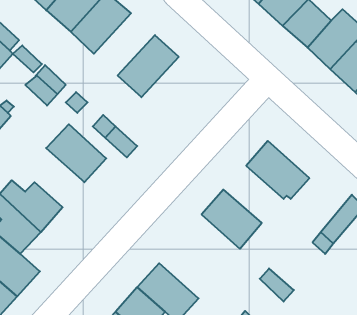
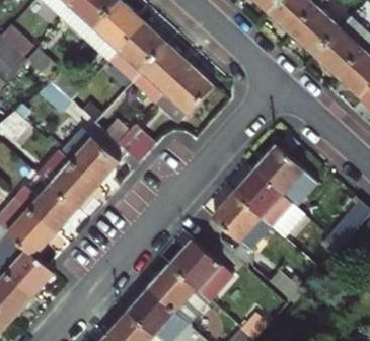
building: none -> [105,20,165,81]
building: none -> [152,63,213,125]
building: none -> [40,150,96,210]
building: none -> [232,169,303,236]
building: none -> [169,240,230,299]

